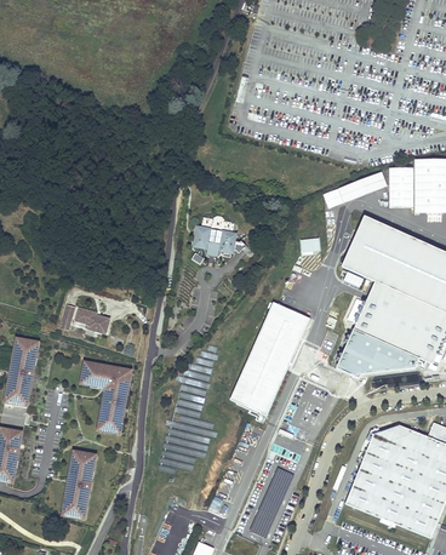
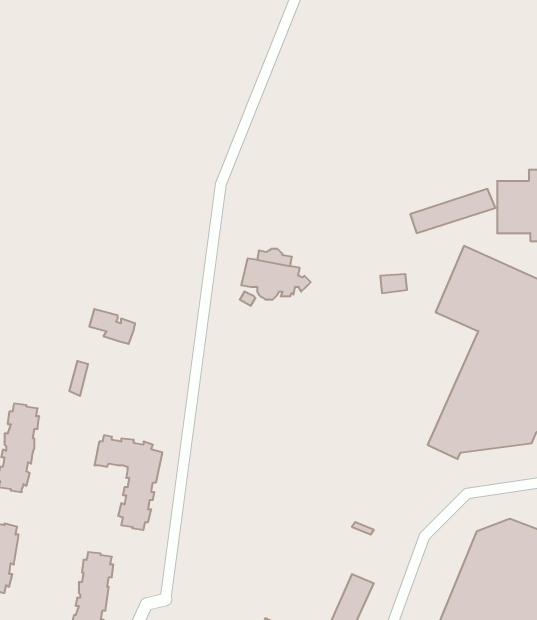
building: [230,302,309,416] -> none
building: [75,308,110,334] -> [89,309,135,344]

